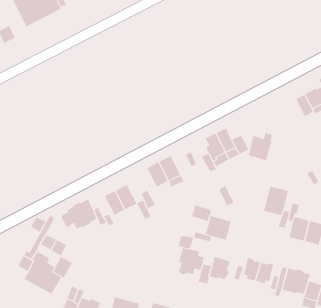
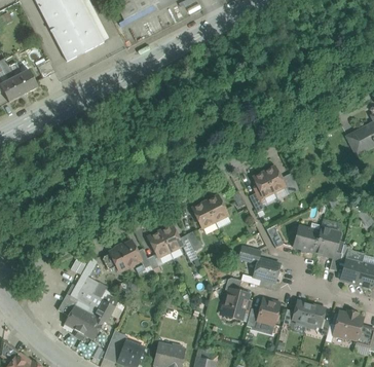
building: [248,132,272,161] -> [294,222,320,252]

